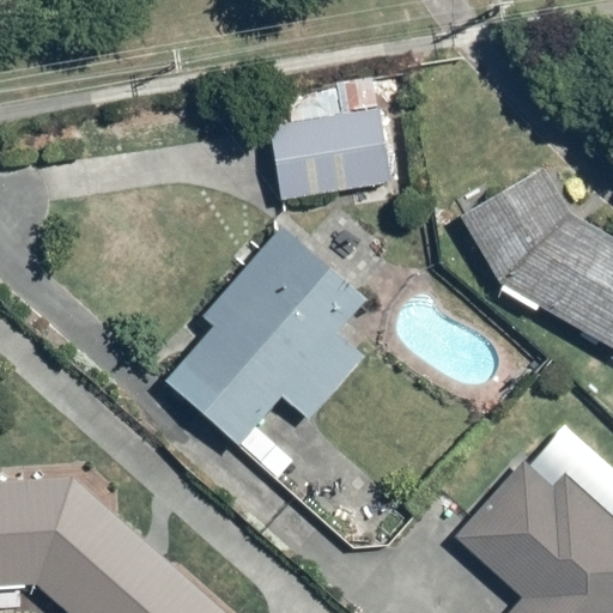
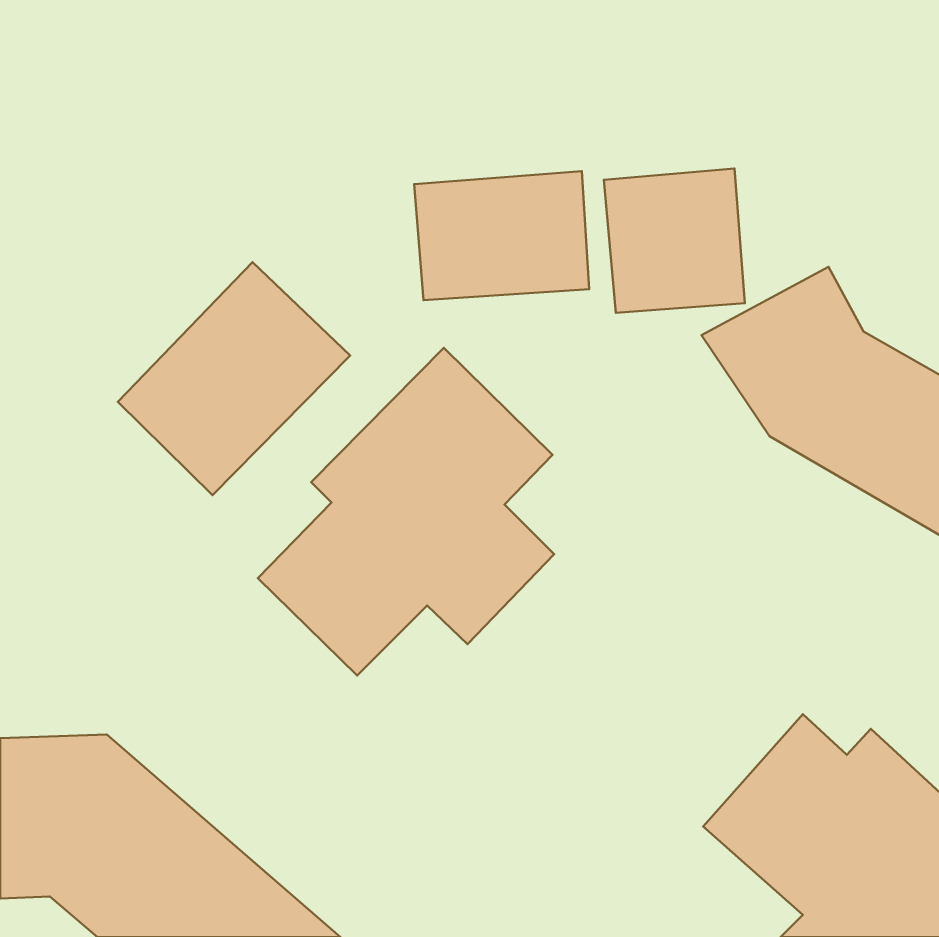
building: none -> [604,169,745,313]
building: none -> [118,262,350,495]

